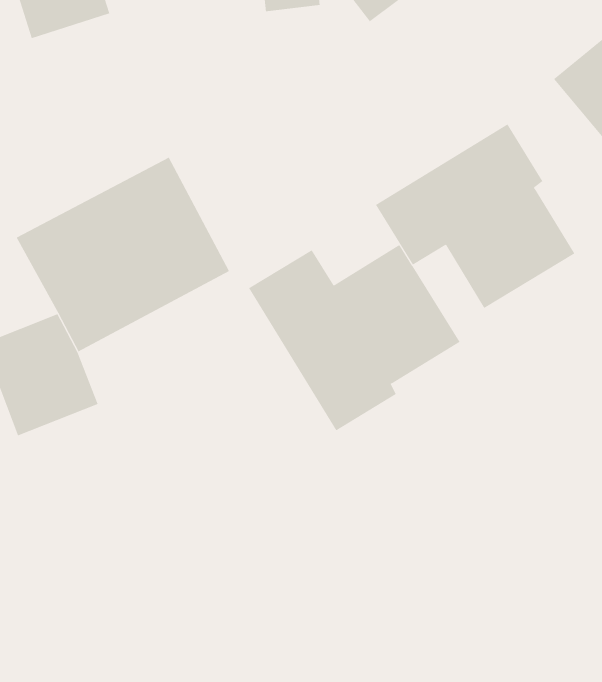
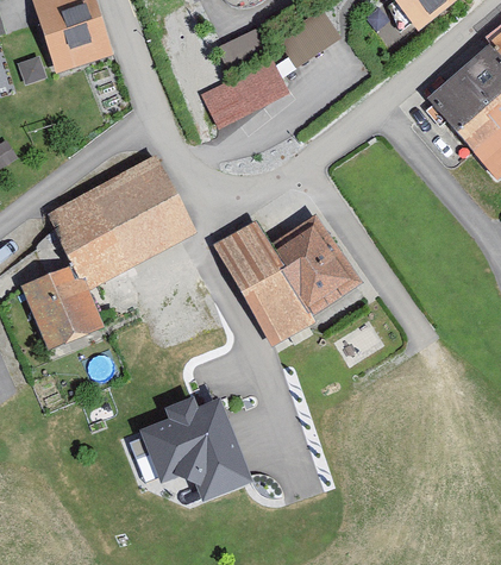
building: none -> [199,56,288,119]
building: [375,124,575,309] -> none
building: none -> [137,389,252,502]

